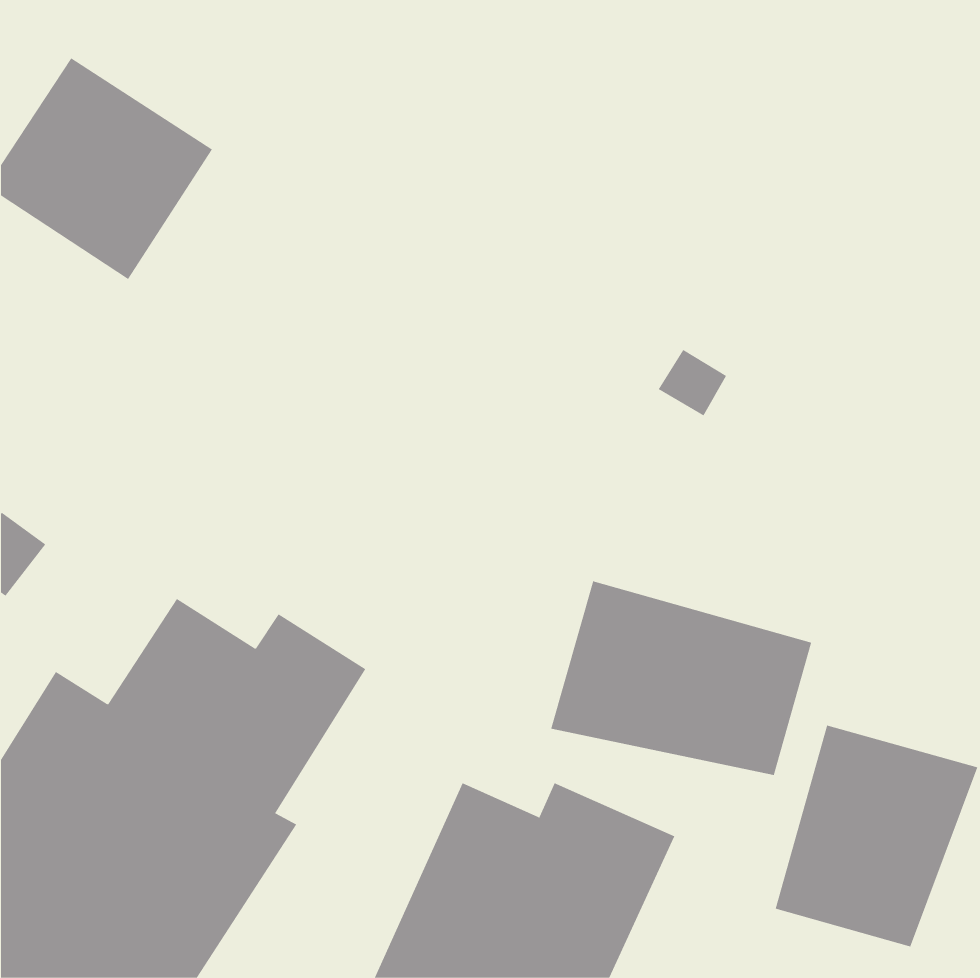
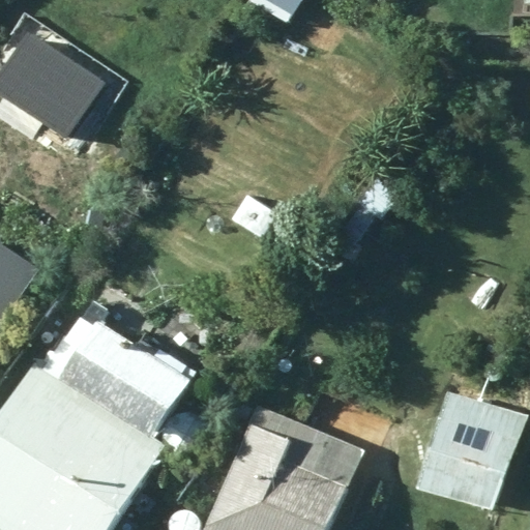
building: [550,580,812,776] -> none

